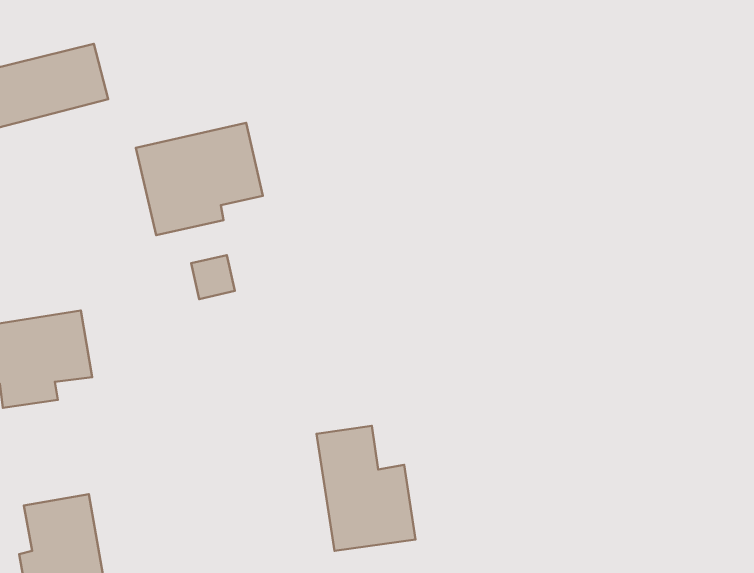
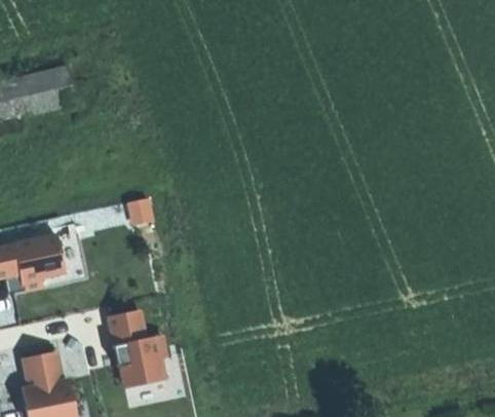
building: [136,123,263,235] -> none
building: [317,426,416,551] -> [108,307,170,386]

